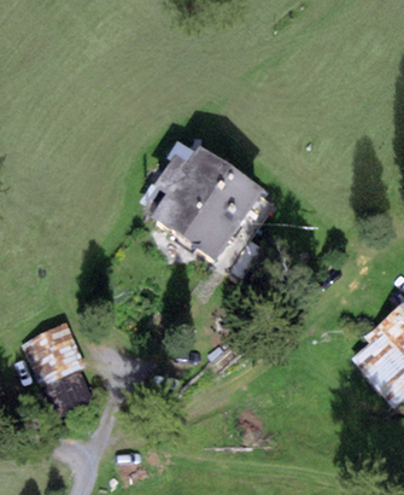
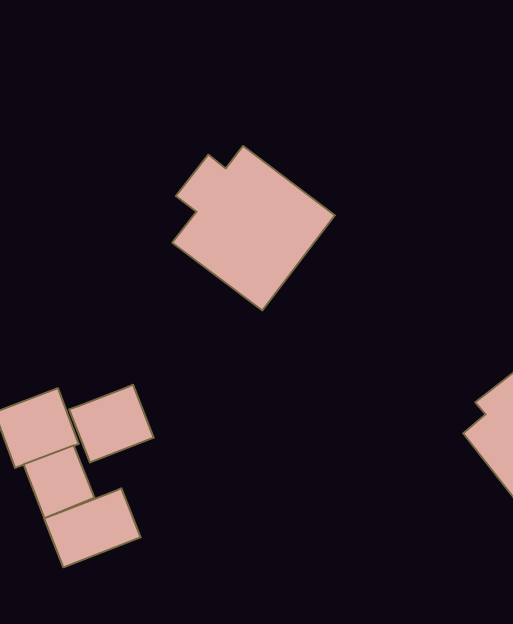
building: none -> [69,385,154,463]
building: none -> [44,488,141,567]

